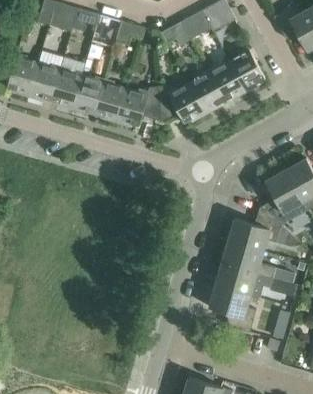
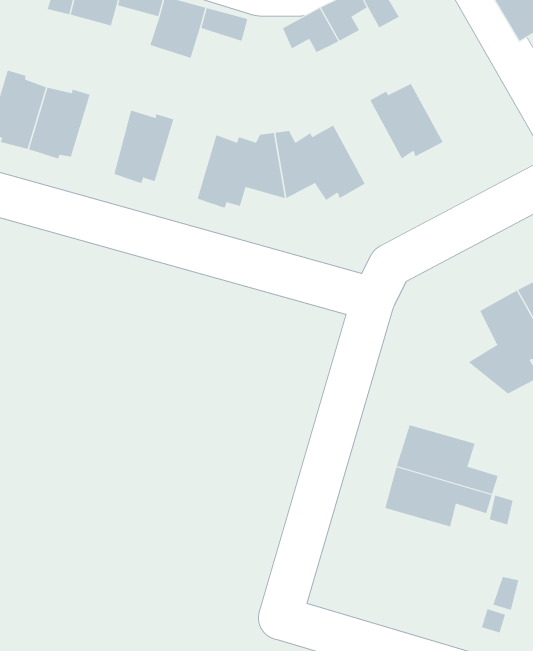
building: [229,48,265,92] -> none
building: [50,67,81,109] -> none
building: [188,70,224,114] -> none
building: [94,80,126,122] -> none
building: [228,208,280,251] -> none
building: [208,285,256,332] -> none

